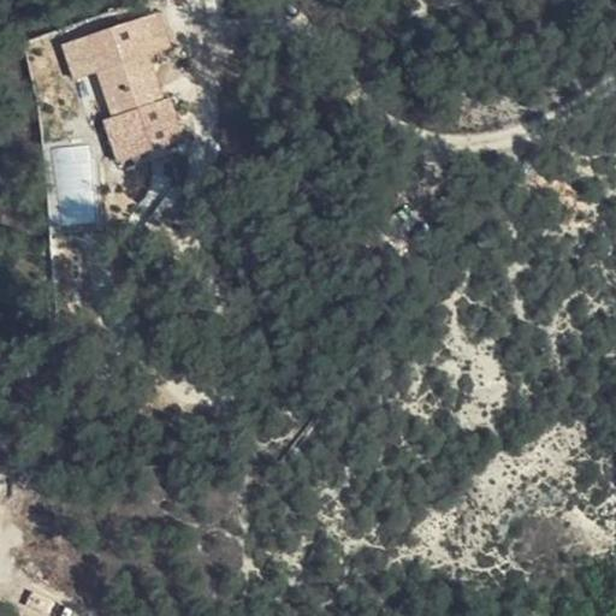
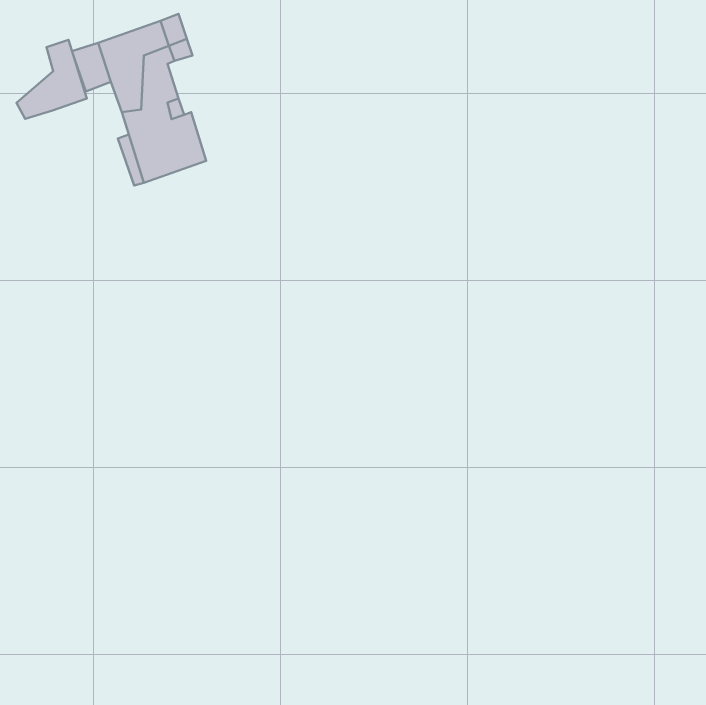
building: none -> [17,40,87,119]

